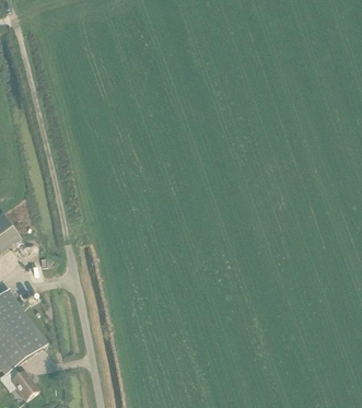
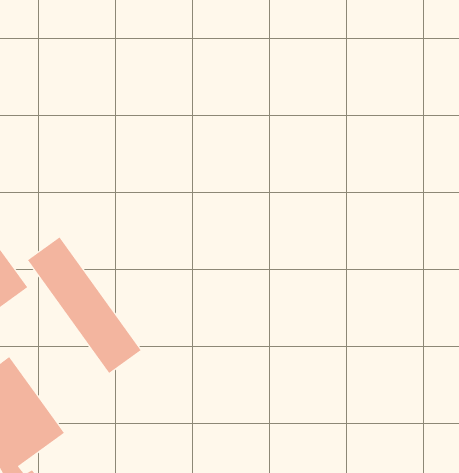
building: none -> [27,236,142,374]

